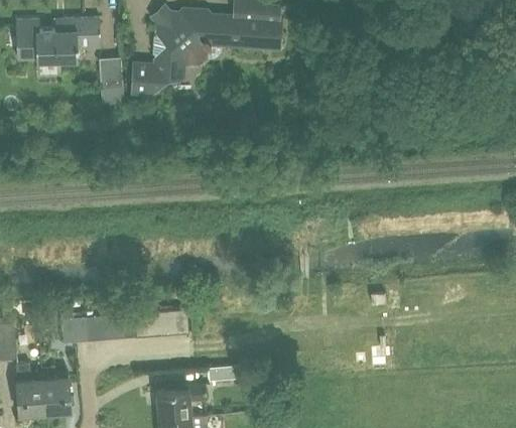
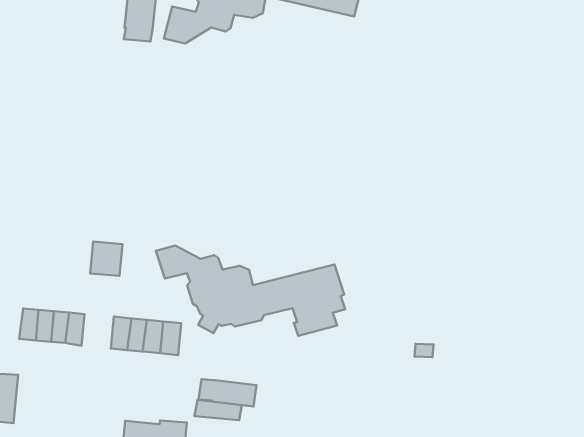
building: none -> [156,246,345,336]
building: [109,314,134,341] -> [90,242,123,276]
building: none -> [198,379,257,406]

